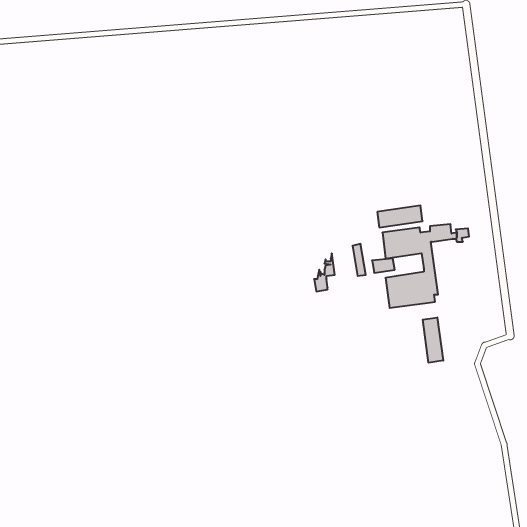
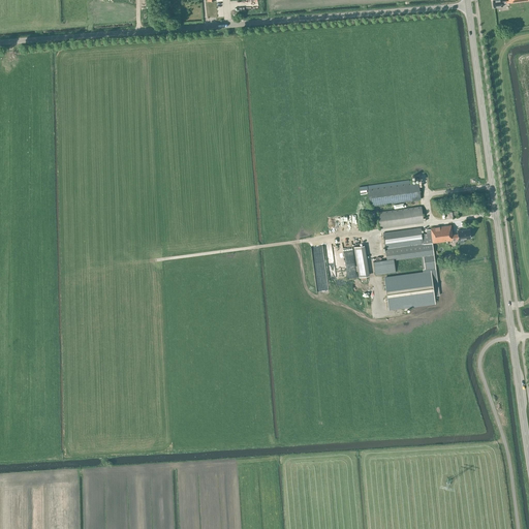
building: none -> [367,181,419,206]
building: [423,317,443,363] -> none

